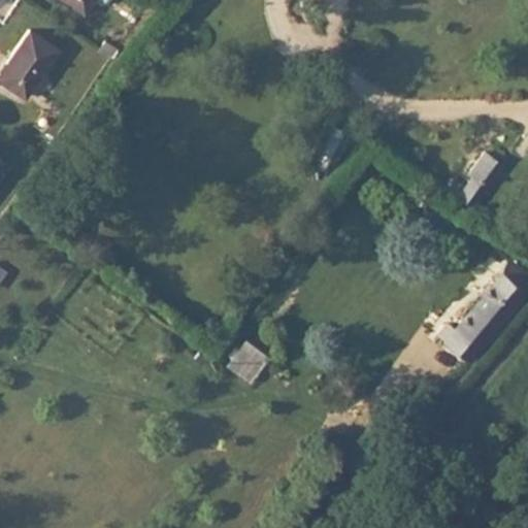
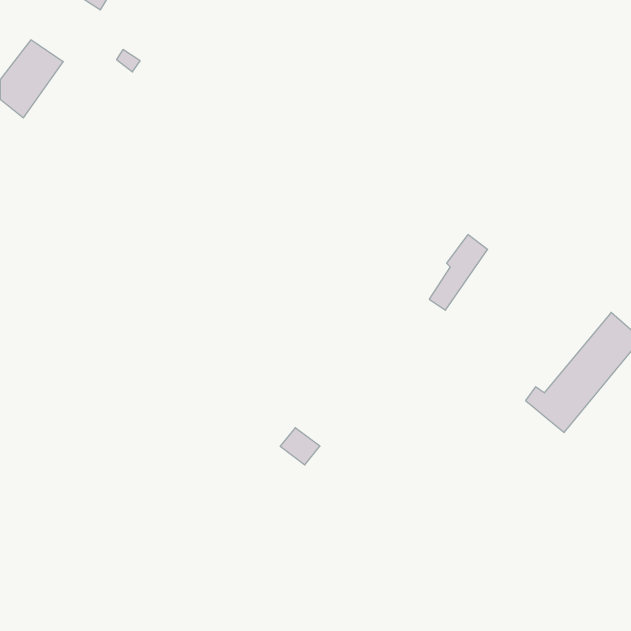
building: [456,151,504,213] -> [429,235,488,310]

